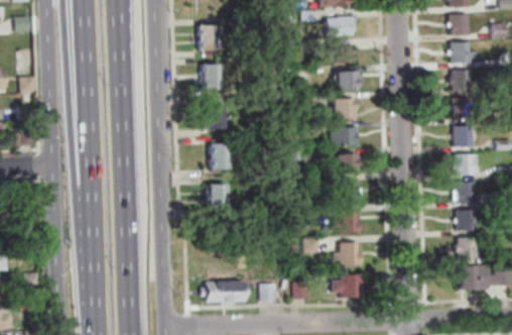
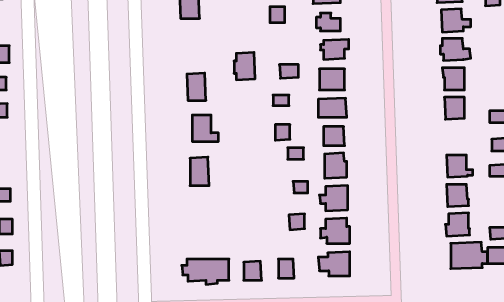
building: [200,63,220,89] -> [234,52,255,80]
building: [451,152,474,174] -> none

